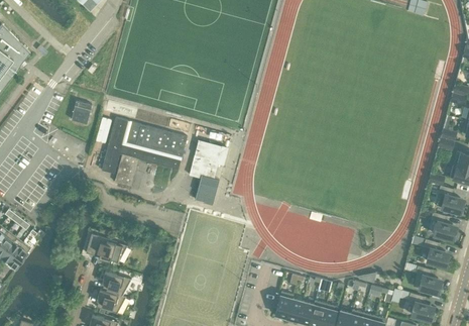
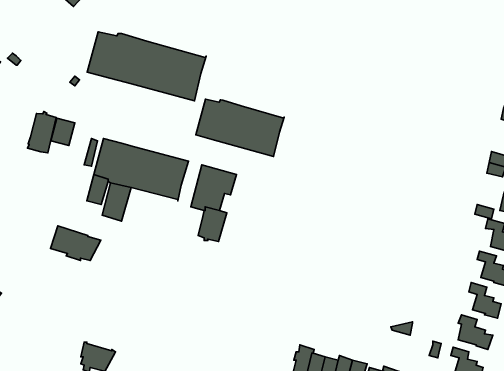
building: none -> [87,32,206,101]
building: none -> [196,99,284,156]
building: none -> [27,111,56,153]
building: [85,234,127,263] -> [51,226,101,261]
building: [101,273,130,297] -> none

